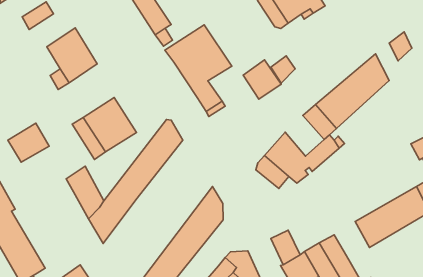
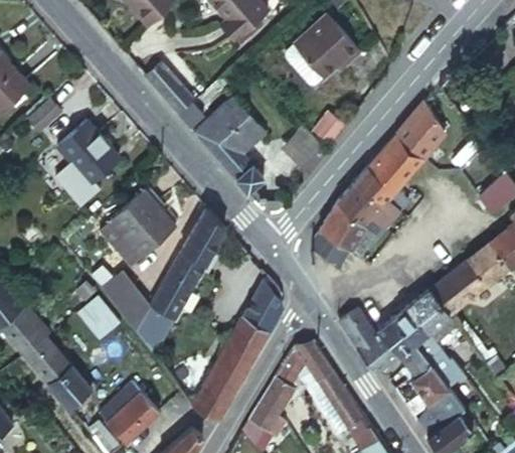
building: none -> [338,181,382,225]
building: [8,123,49,162] -> [69,293,116,338]
building: none -> [408,290,450,333]

